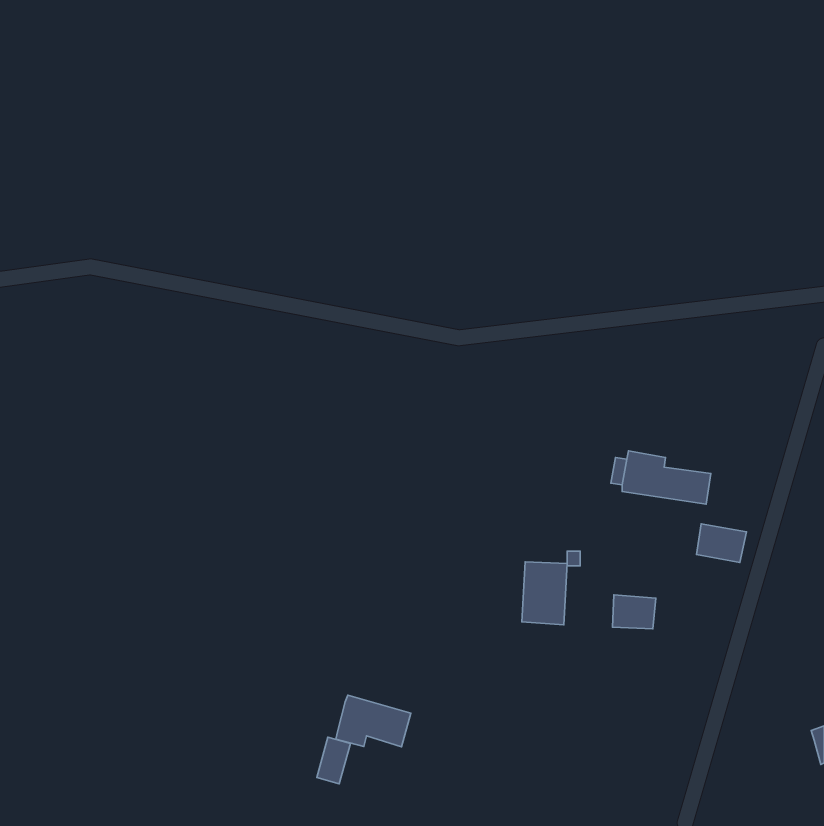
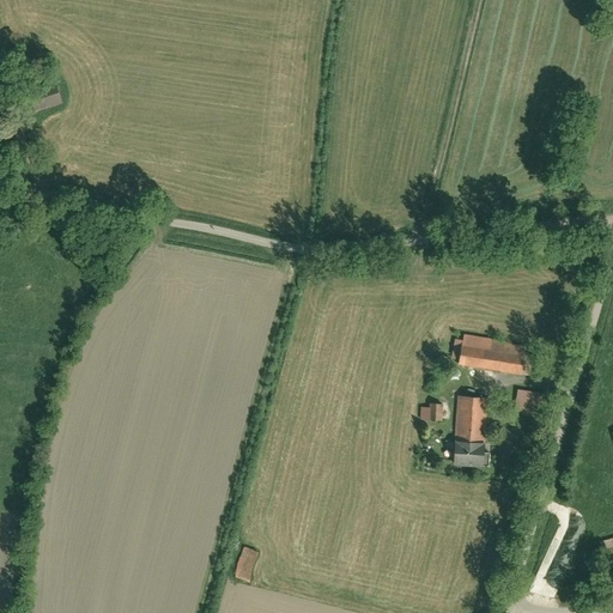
building: [522,562,567,625] -> [455,396,488,443]
building: [336,695,411,747] -> none

